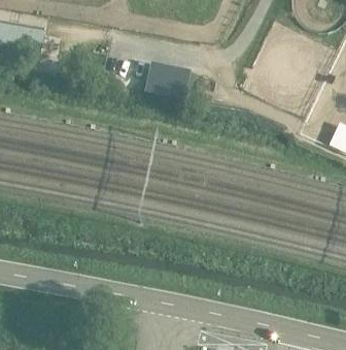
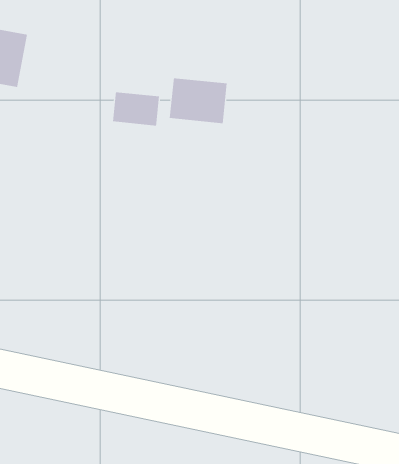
building: none -> [112,91,160,126]

